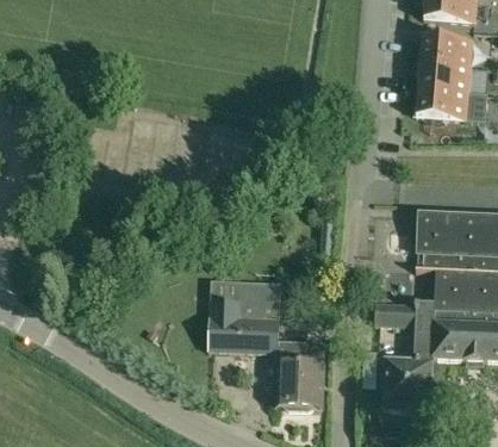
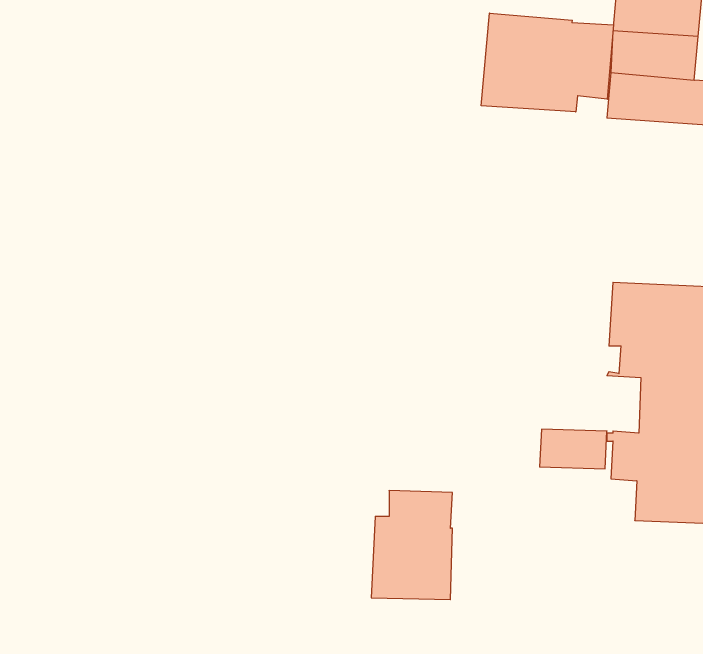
building: none -> [481,13,613,112]
building: [207,280,280,355] -> none
building: [384,333,434,414] -> none

